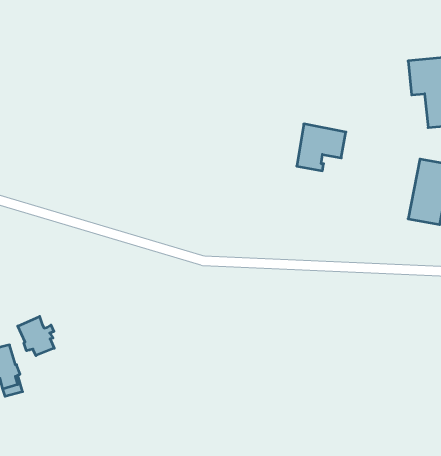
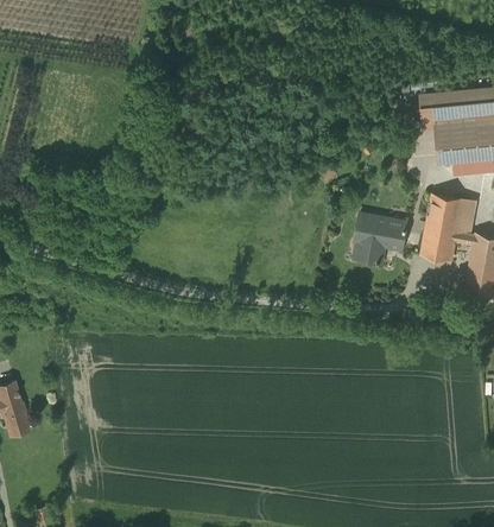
building: [297,124,346,171] -> [357,215,407,262]
building: [18,316,54,356] -> none

